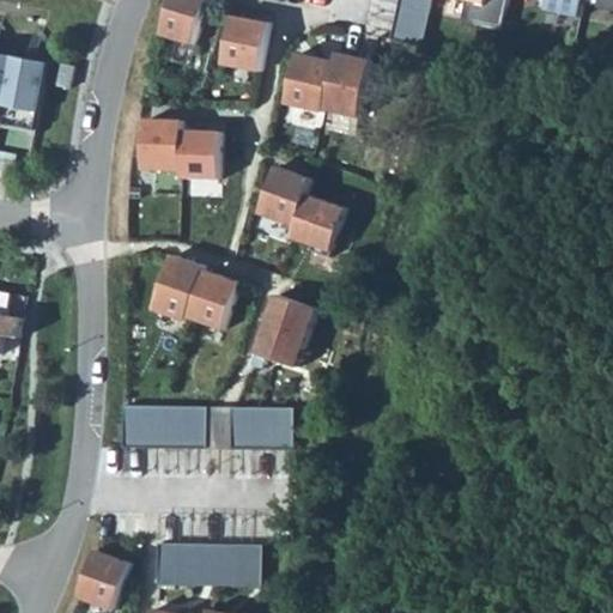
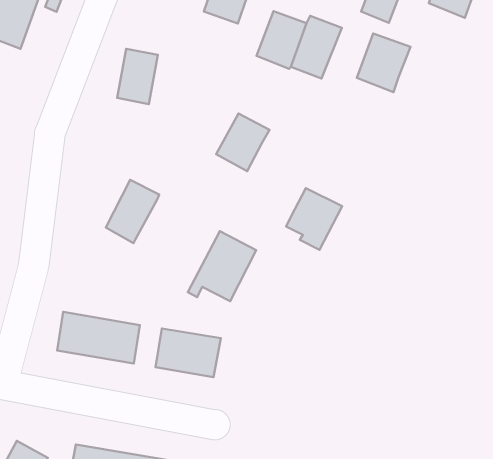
building: none -> [357,33,411,92]
building: [178,125,219,176] -> none
building: [289,193,345,256] -> [286,188,342,250]
building: [184,269,237,328] -> none

